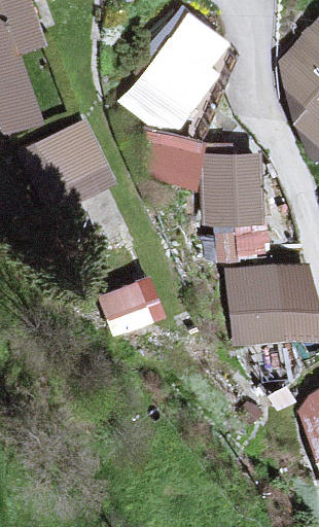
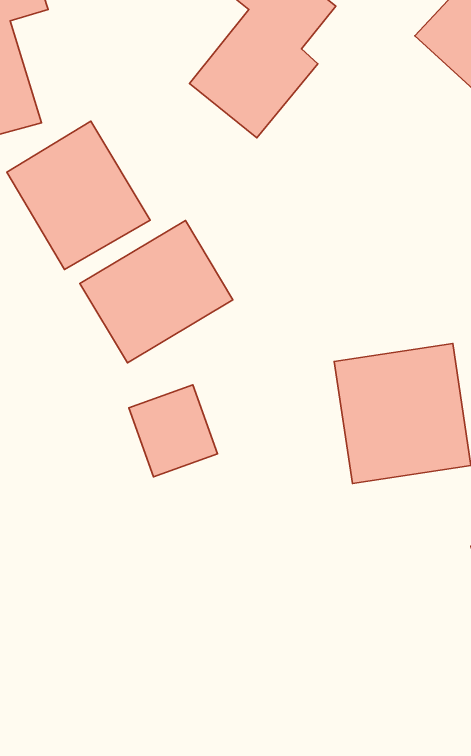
building: [201,151,258,224] -> none
building: none -> [80,221,233,363]

